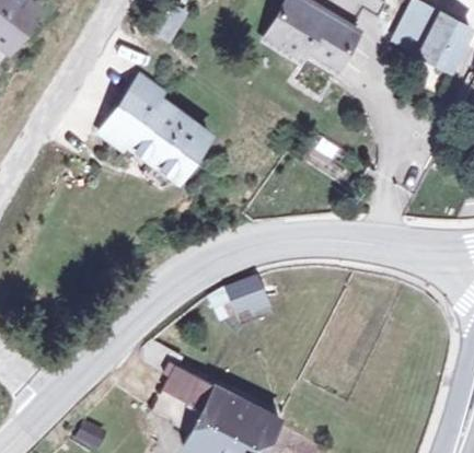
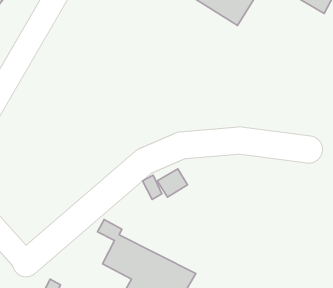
building: [105,85,209,181] -> none

